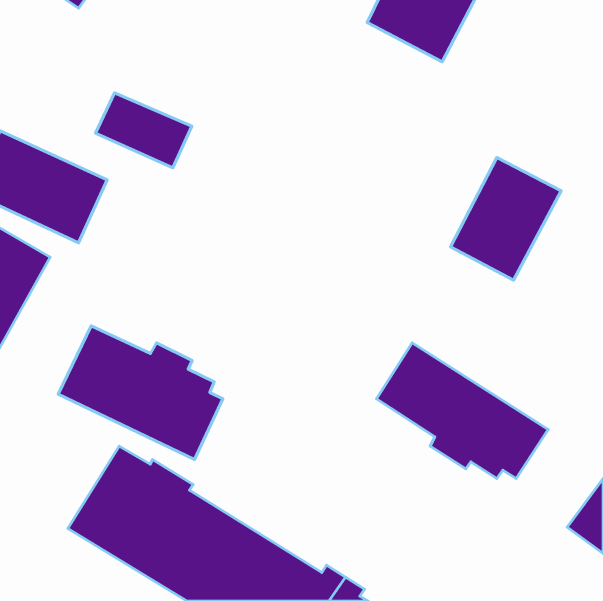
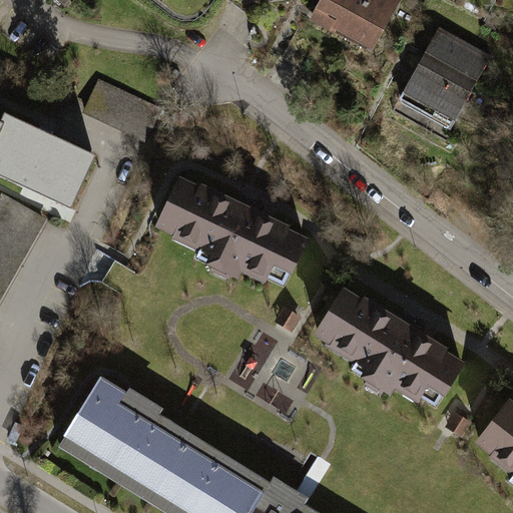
building: [450,157,561,280] -> [399,27,492,130]
building: none -> [155,175,307,284]
building: [58,326,223,459] -> none

